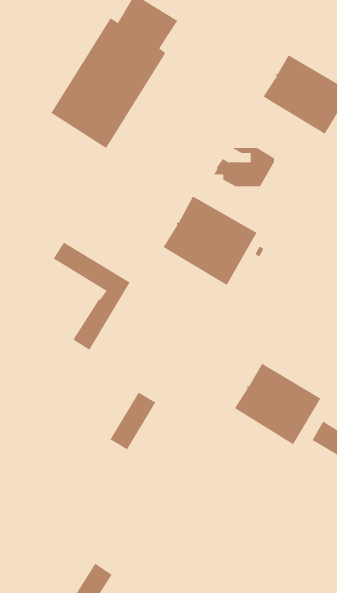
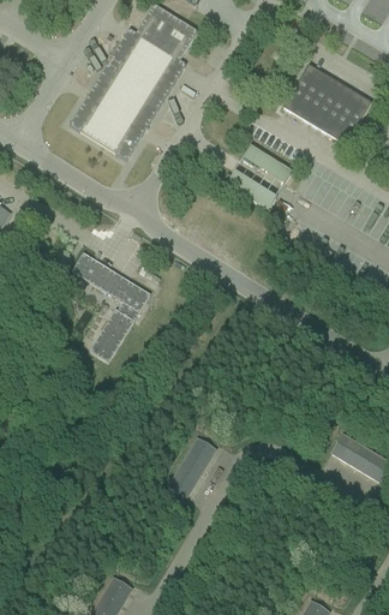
building: [163,196,257,286] -> none
building: [234,363,321,445] -> none
building: [110,392,156,450] -> [168,437,215,496]

